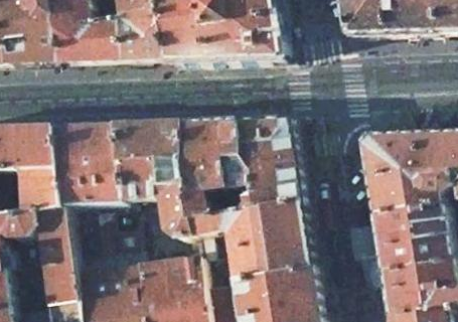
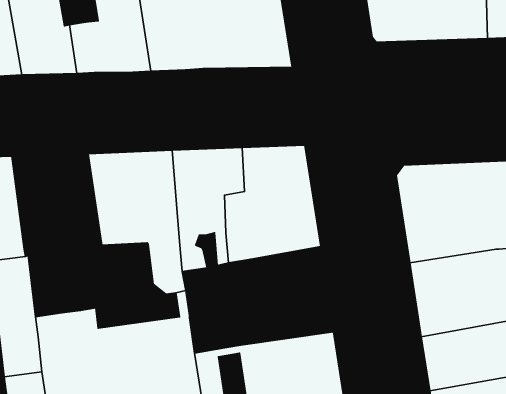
building: [50,125,131,256] -> none
building: [187,199,309,279] -> none

